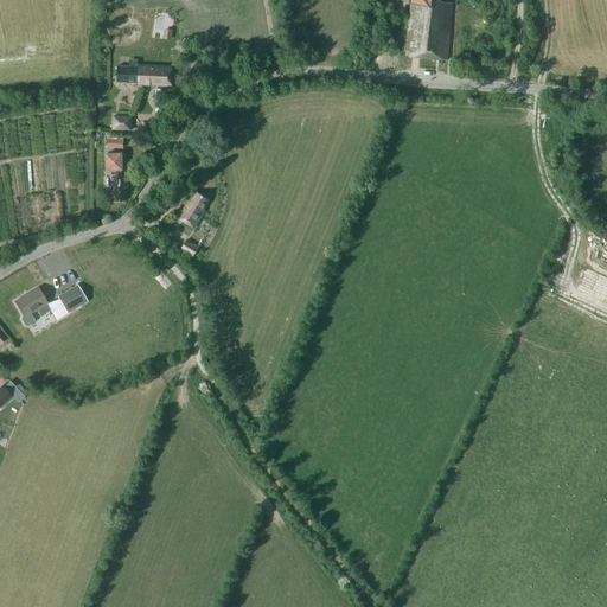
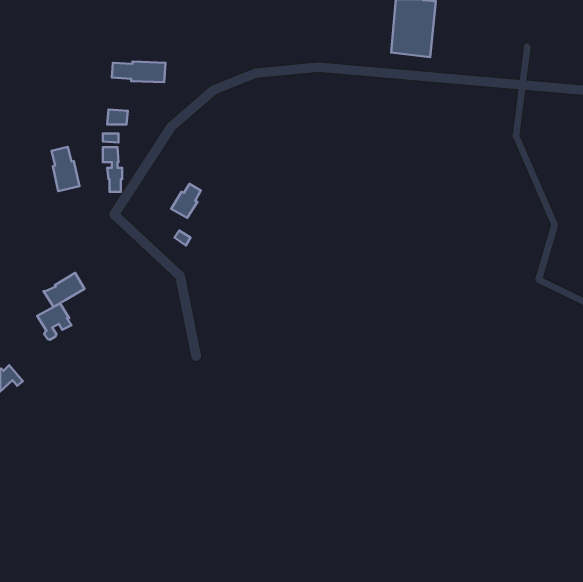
building: none -> [51,147,80,191]
building: [14,287,50,325] -> [37,303,71,340]

